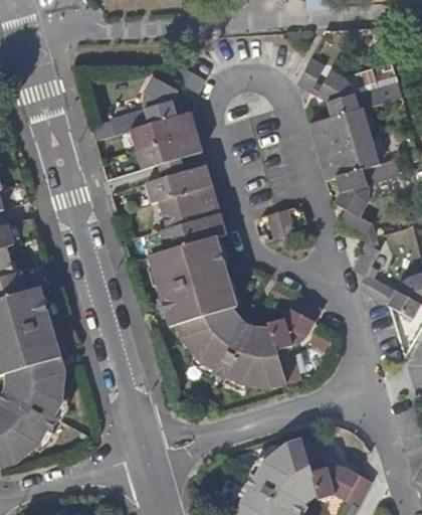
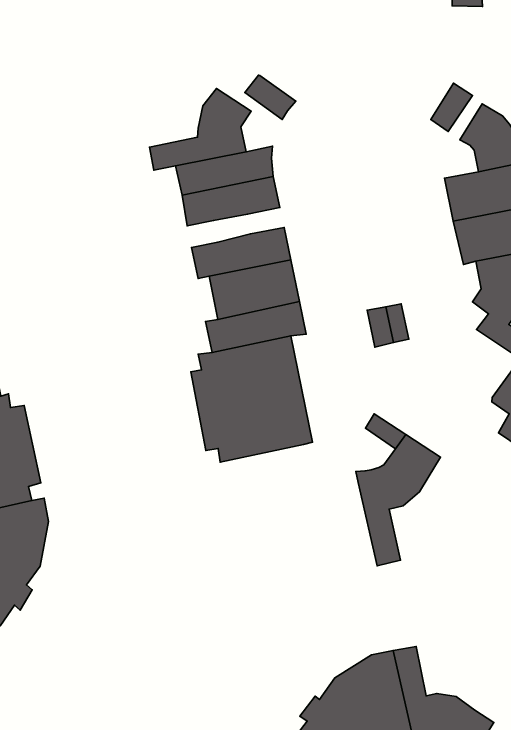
building: [176,307,285,387] -> none

